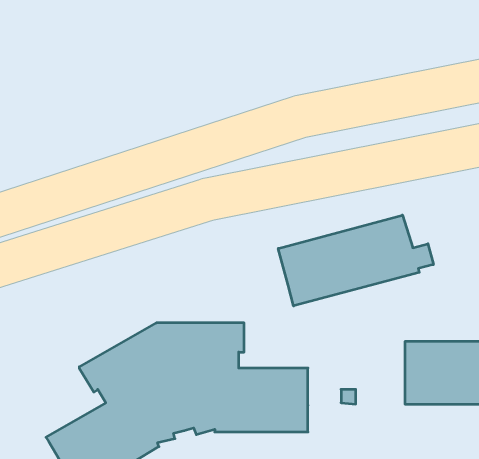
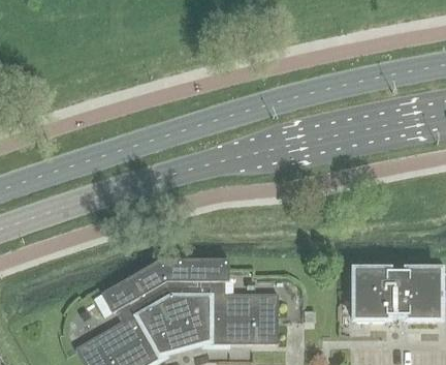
building: [278,215,433,306] -> none

